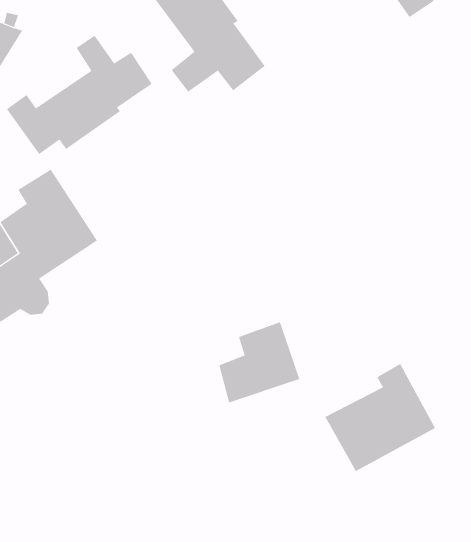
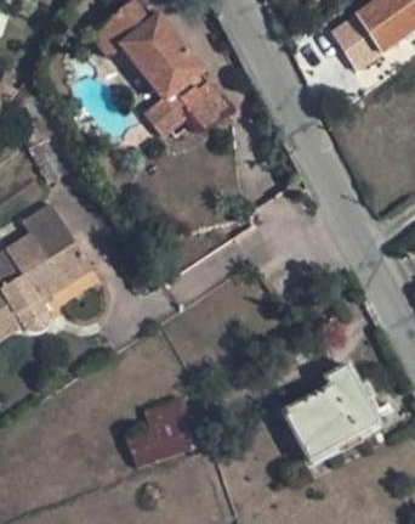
building: [6,35,152,155] -> none
building: [219,321,300,403] -> [126,399,197,469]

